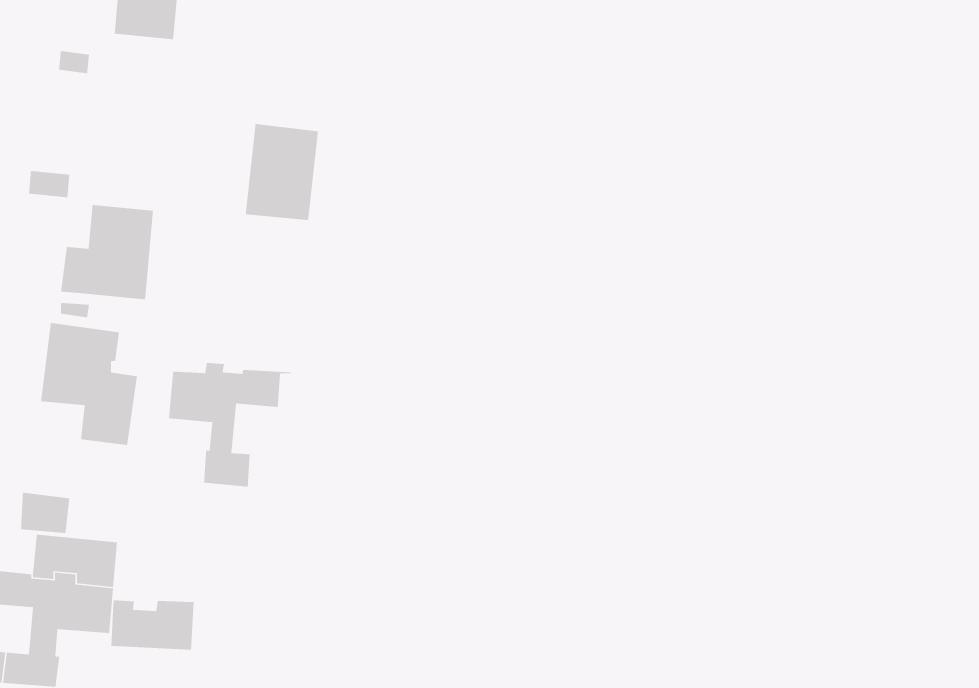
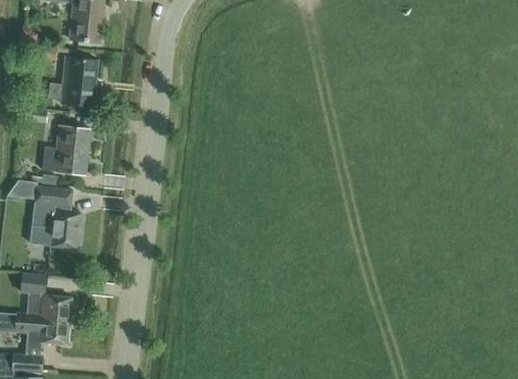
building: [245,123,319,221] -> [59,56,97,106]
building: [168,362,291,487] -> none
building: [111,600,195,650] -> none

